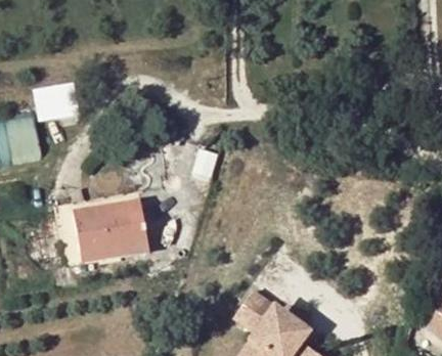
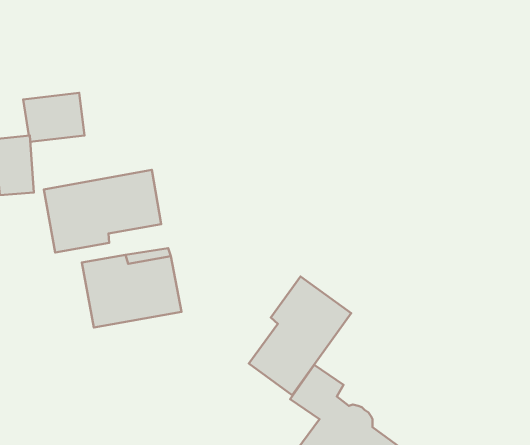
building: none -> [44,170,161,253]
building: none -> [249,276,351,395]

